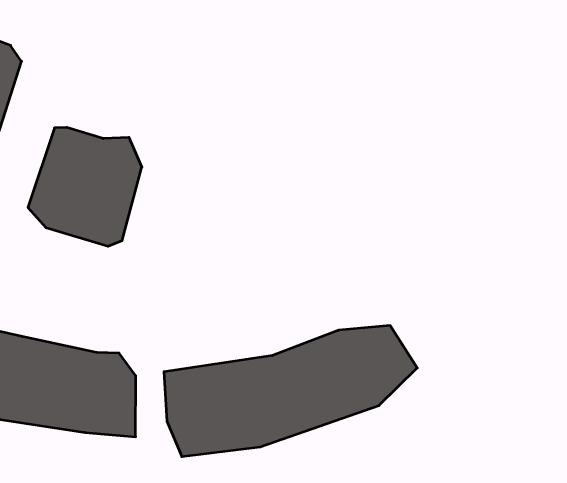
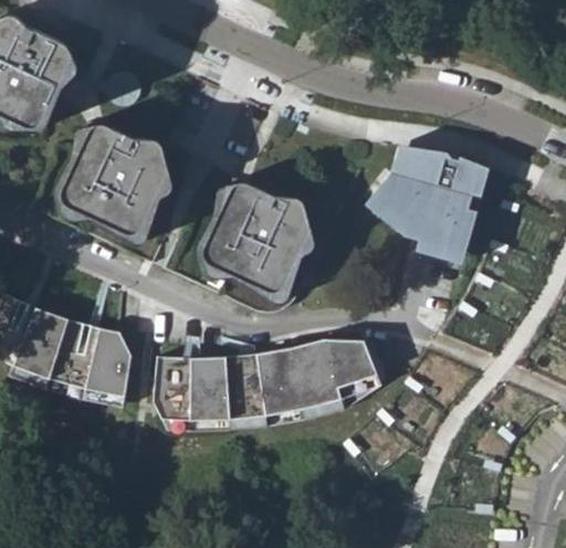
building: none -> [370,146,509,265]
building: none -> [201,180,310,293]

